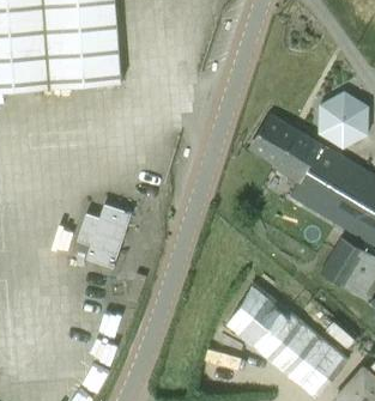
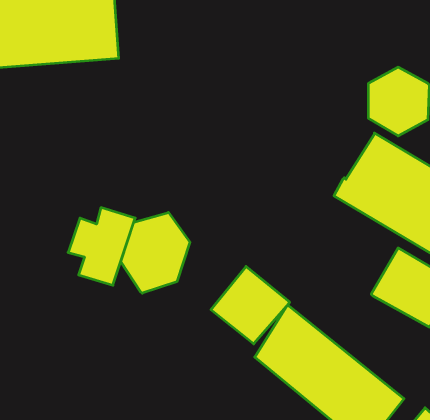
building: [248,115,322,182] -> none
building: none -> [121,212,190,293]
building: none -> [211,266,289,344]

